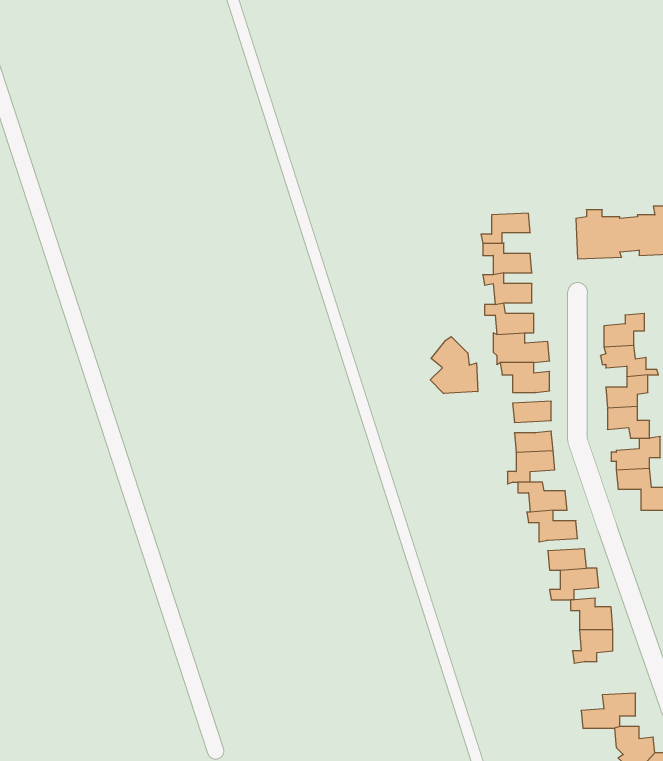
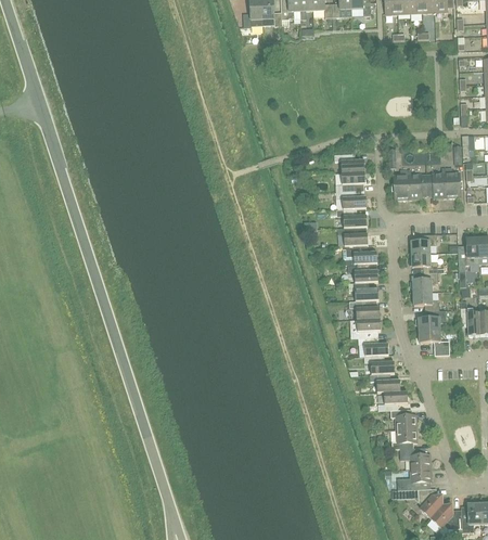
building: none -> [334,152,364,171]
building: [430,337,478,394] -> none
building: none -> [399,447,431,467]

